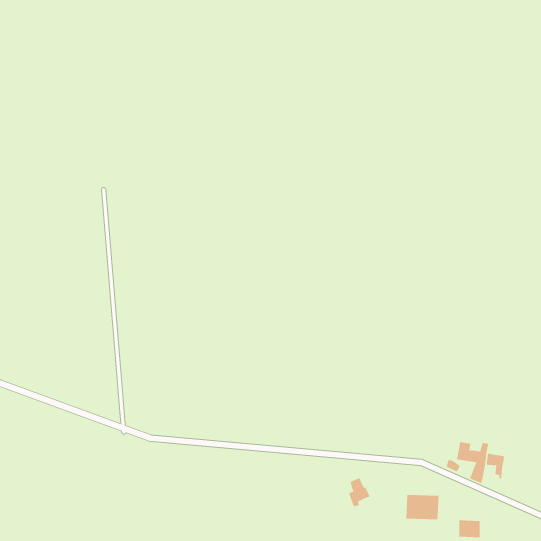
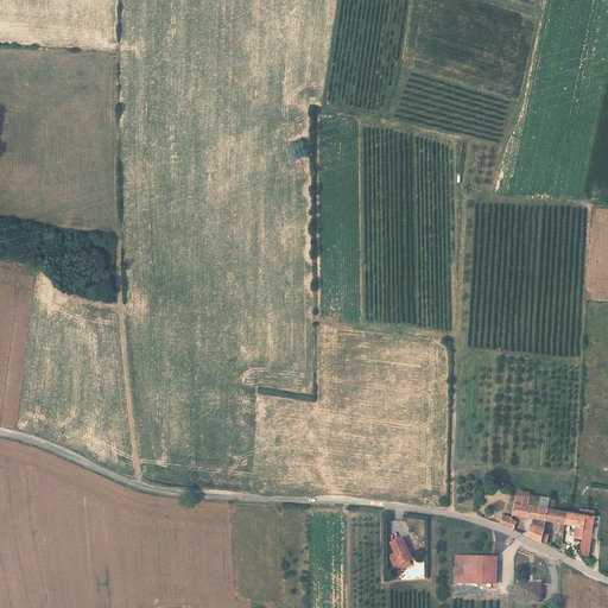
building: none -> [564,512,595,550]

